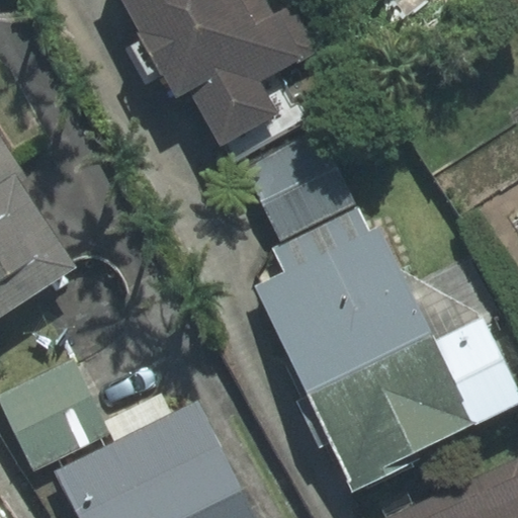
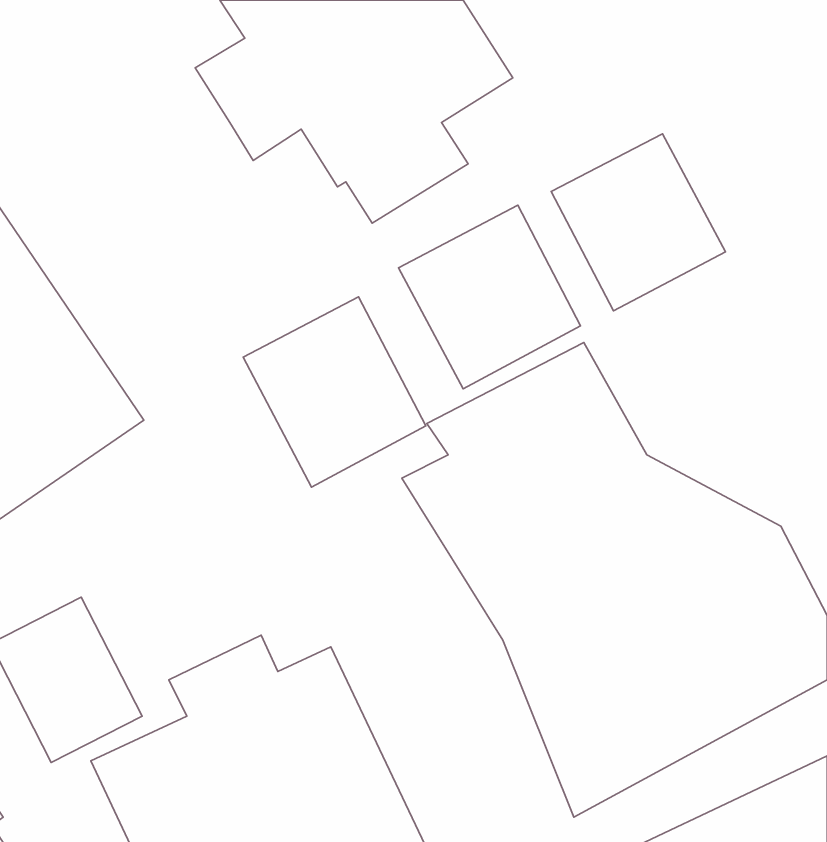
building: none -> [551,134,725,311]
building: none -> [243,297,426,487]

